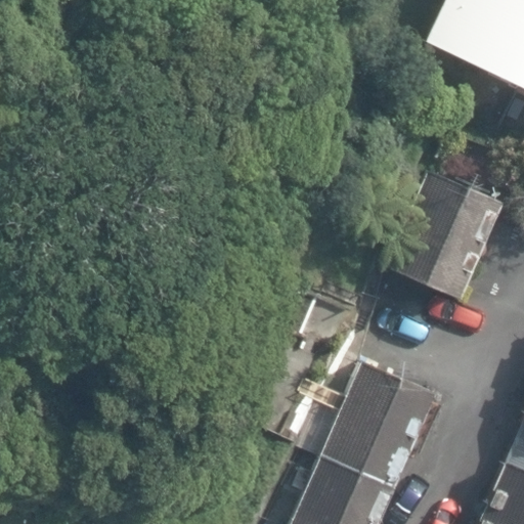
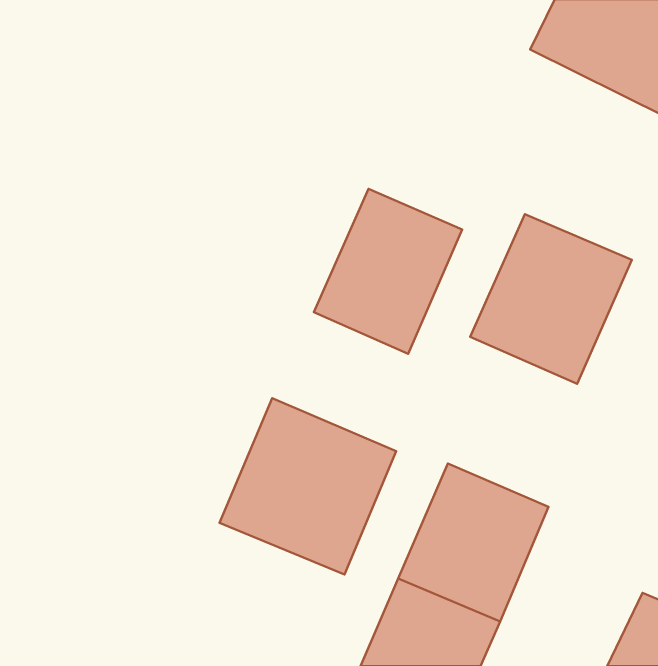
building: none -> [314,189,462,354]
building: none -> [219,398,396,575]

